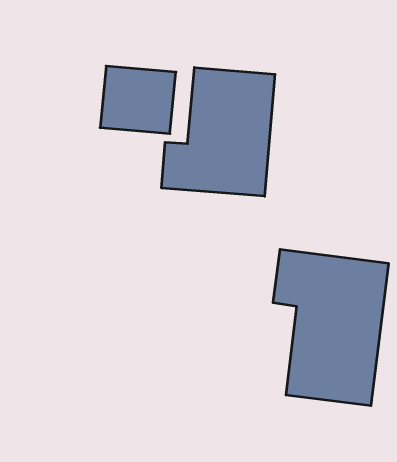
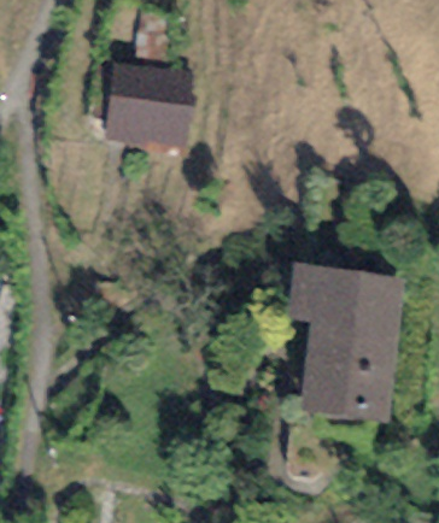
building: [162,67,275,196] -> none

